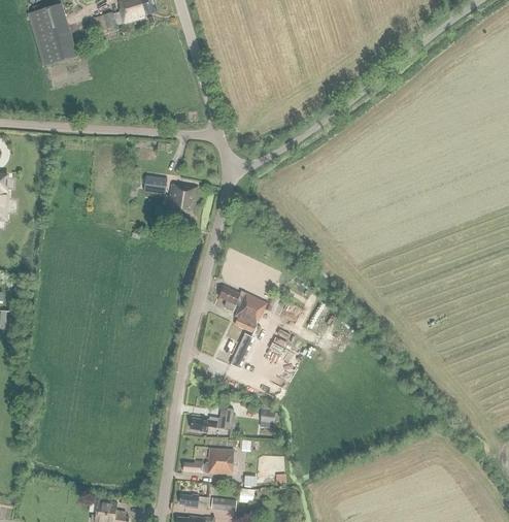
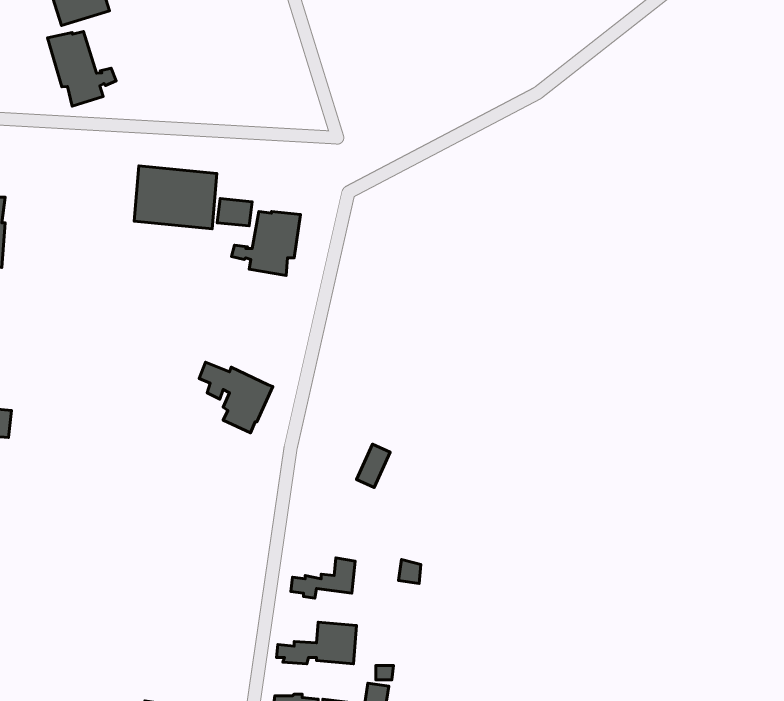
building: none -> [47,32,116,106]
building: none -> [134,166,217,229]
building: [218,287,266,332] -> [199,362,273,433]

